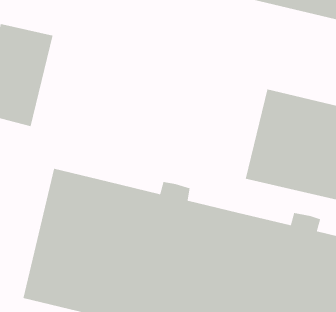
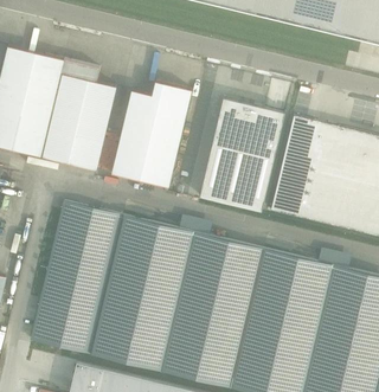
building: none -> [40,58,116,169]
building: none -> [111,83,190,186]
building: none -> [199,97,285,211]

